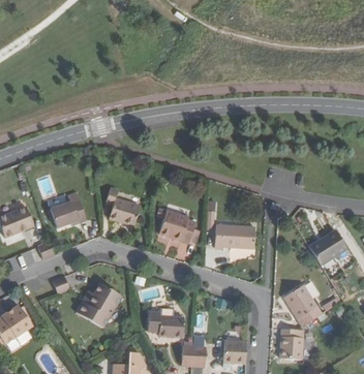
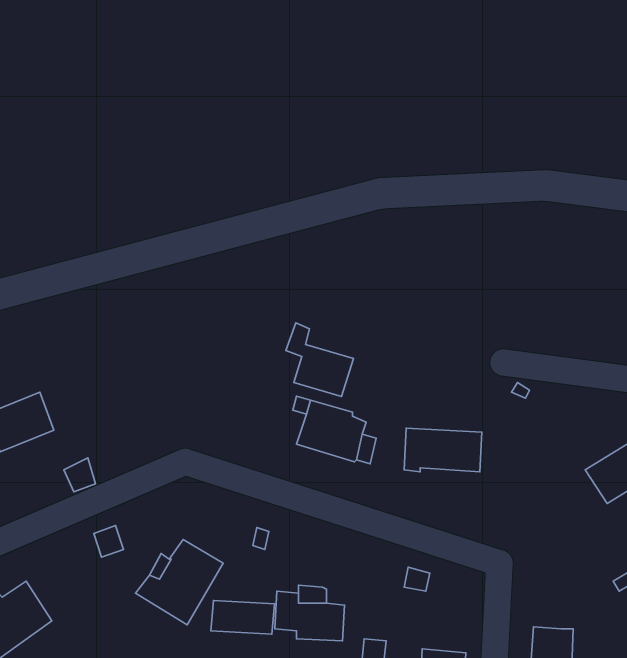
building: [105,187,141,225] -> [286,323,353,396]
building: [51,192,87,227] -> none
building: [284,285,322,325] -> none
building: none -> [211,600,274,634]

